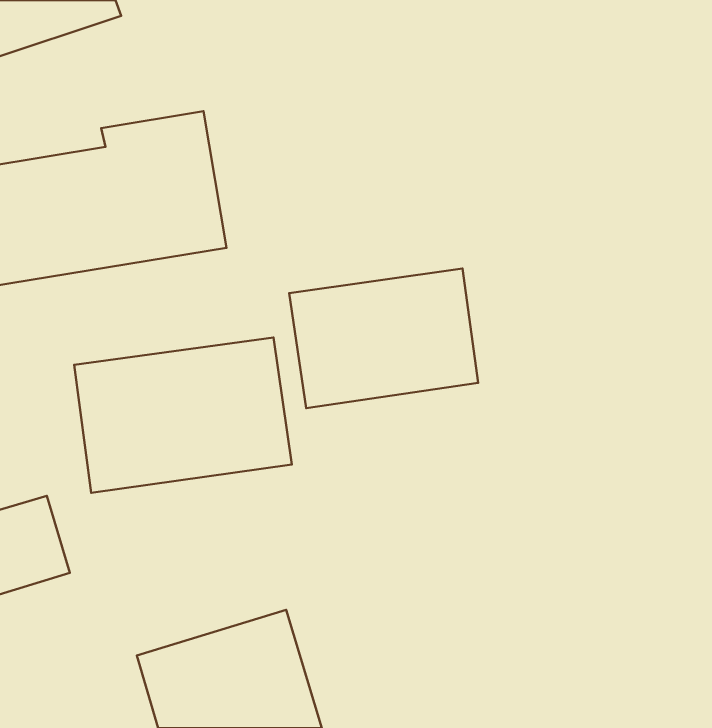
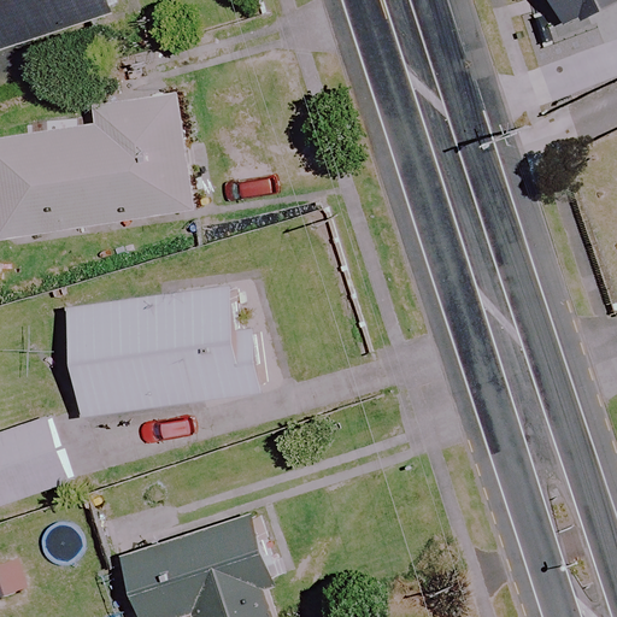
building: [289,269,478,408] -> none

